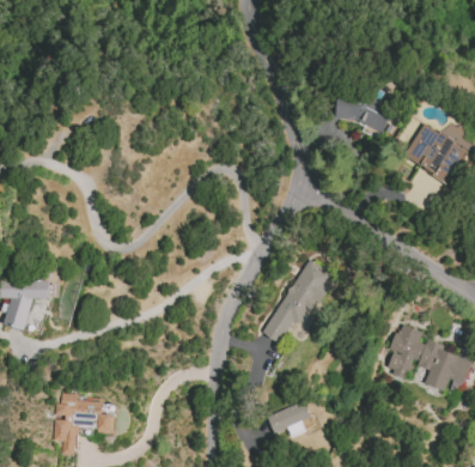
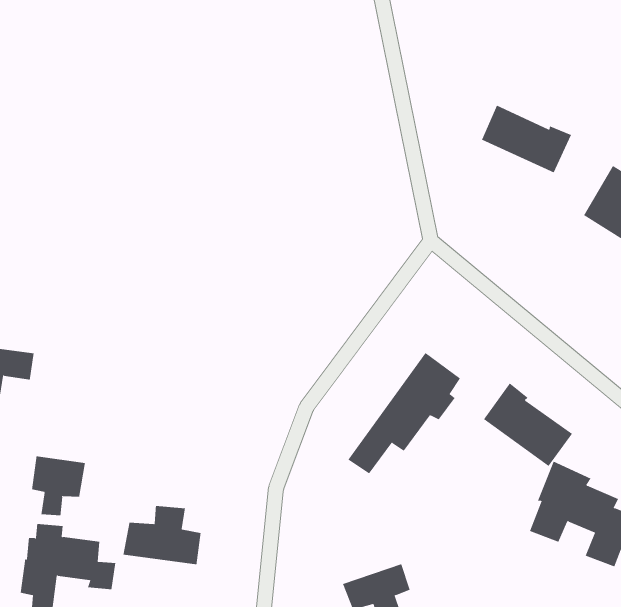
building: none -> [483,382,573,467]
building: none -> [32,456,85,516]
building: none -> [123,505,201,565]

